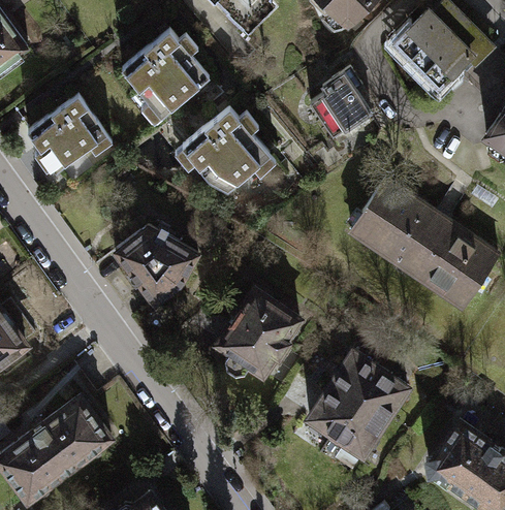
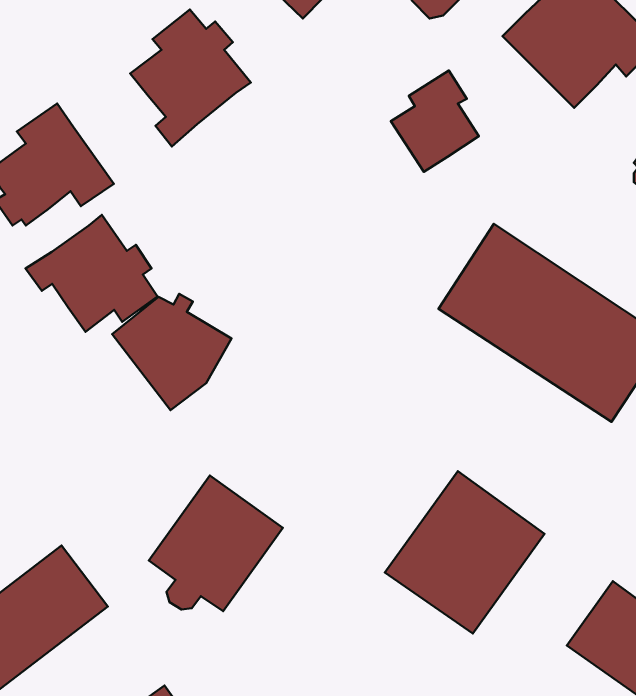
building: [178,103,279,192] -> none
building: none -> [26,215,158,332]
building: [213,284,306,378] -> [149,476,283,611]

